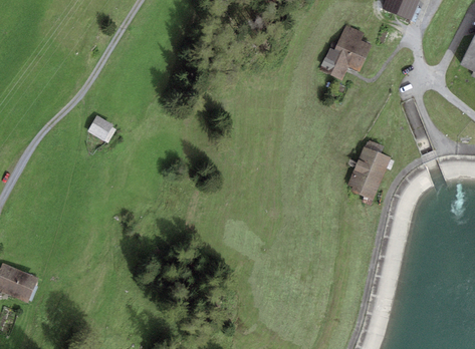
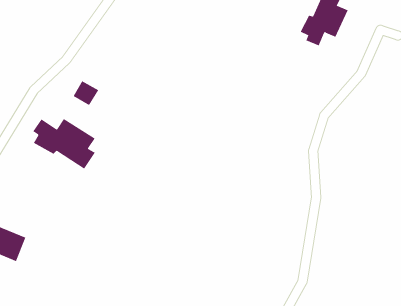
building: [345,149,388,204] -> none
building: none -> [32,118,96,170]

